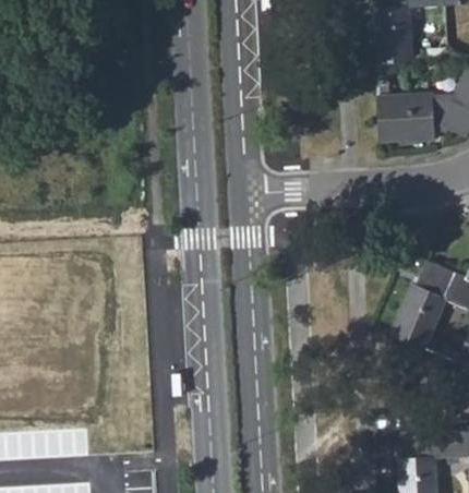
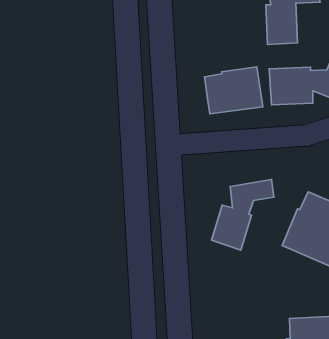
building: none -> [204,67,263,114]
building: none -> [211,179,274,250]

